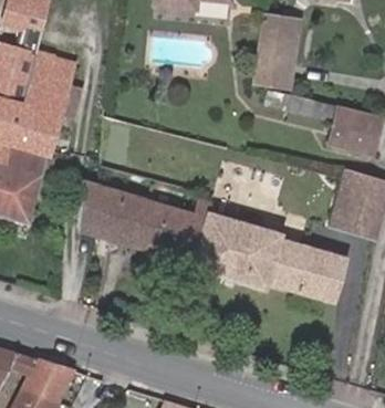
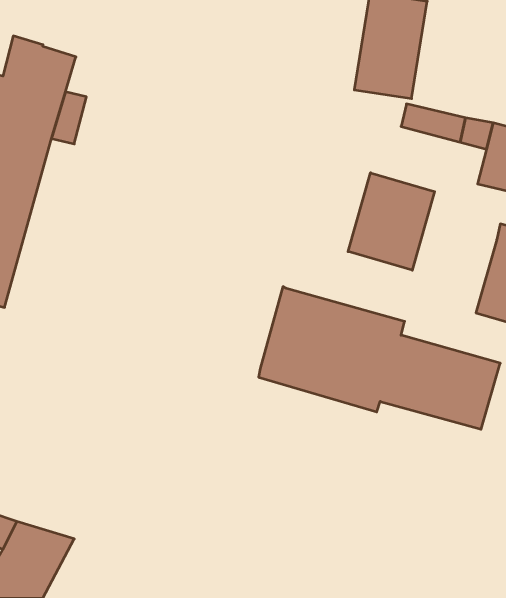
building: none -> [348,173,435,270]
building: [79,181,211,261] -> none

